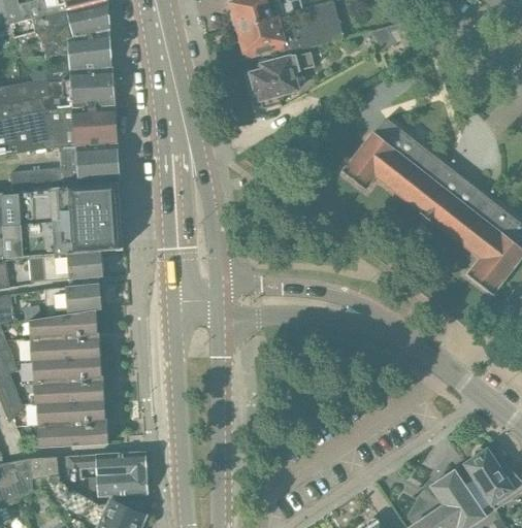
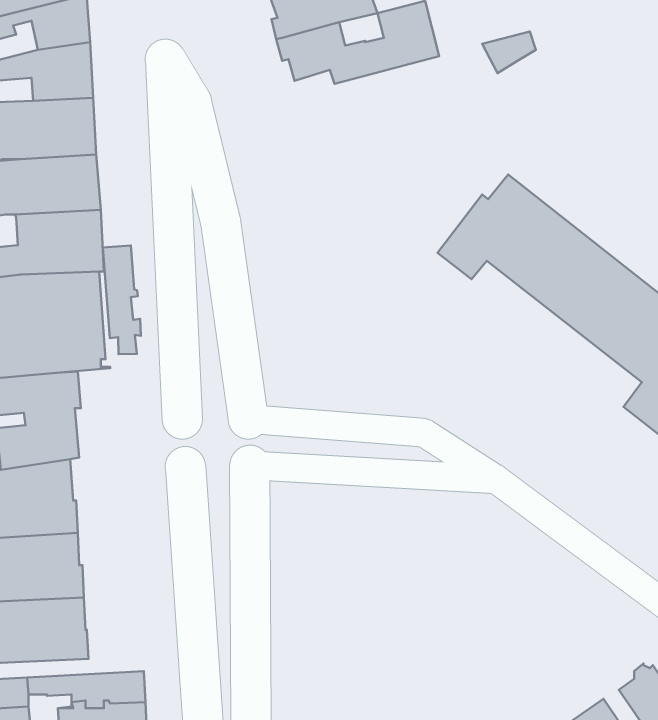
building: [250,51,314,108] -> none
building: none -> [103,246,141,354]

